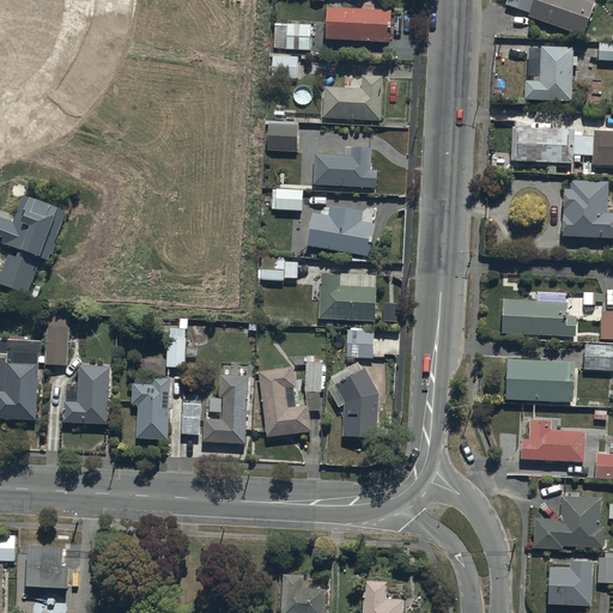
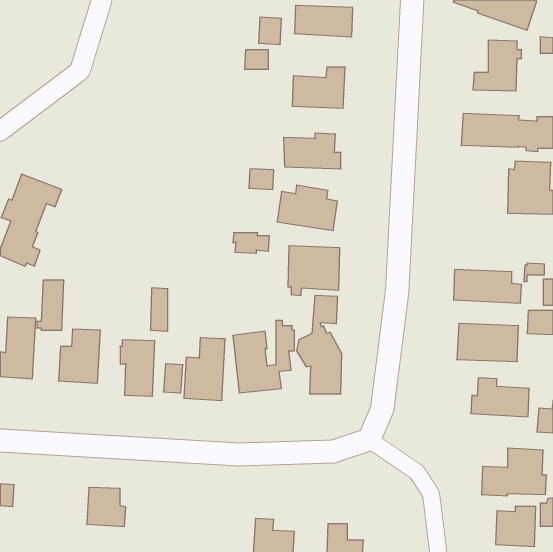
building: [267,123,298,152] -> none
building: [26,545,69,588] -> [87,487,126,526]

